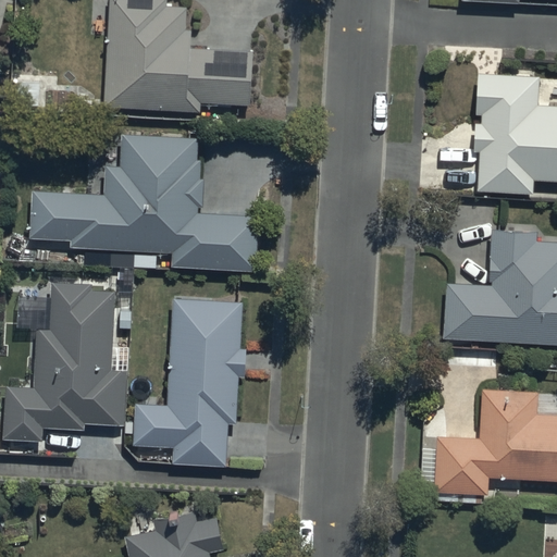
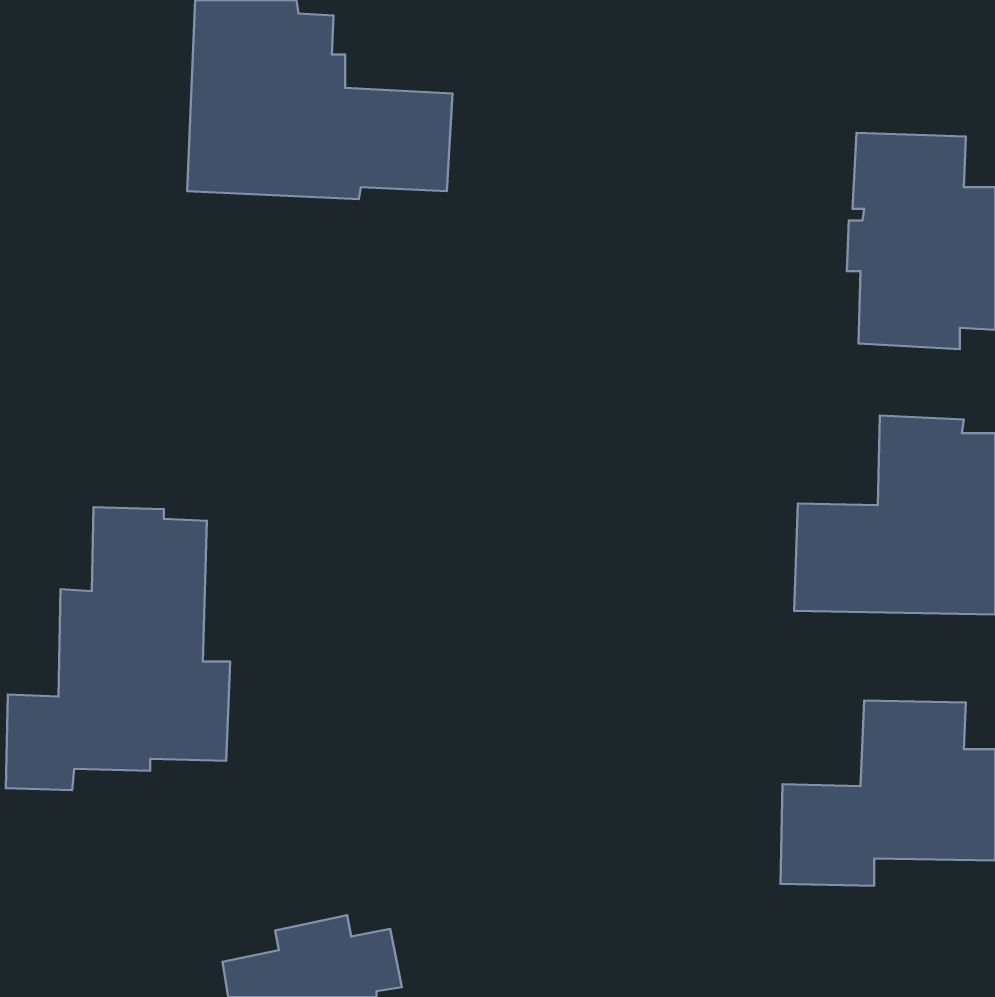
building: [30,135,260,270] -> none
building: [133,297,247,466] -> none

